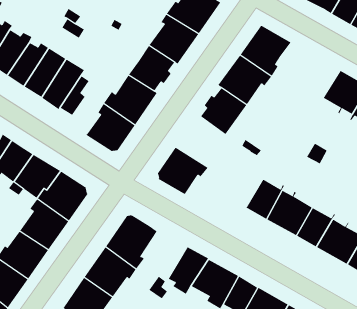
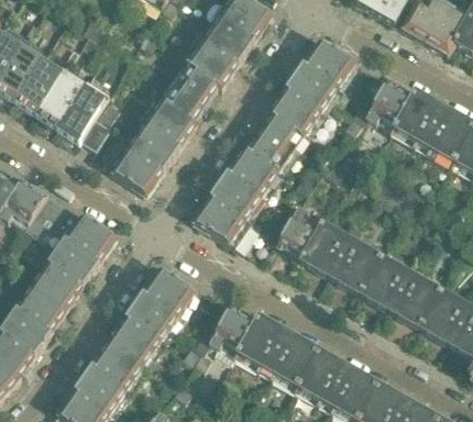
building: none -> [347,78,414,131]
building: none -> [217,146,277,210]
building: none -> [271,204,321,258]

